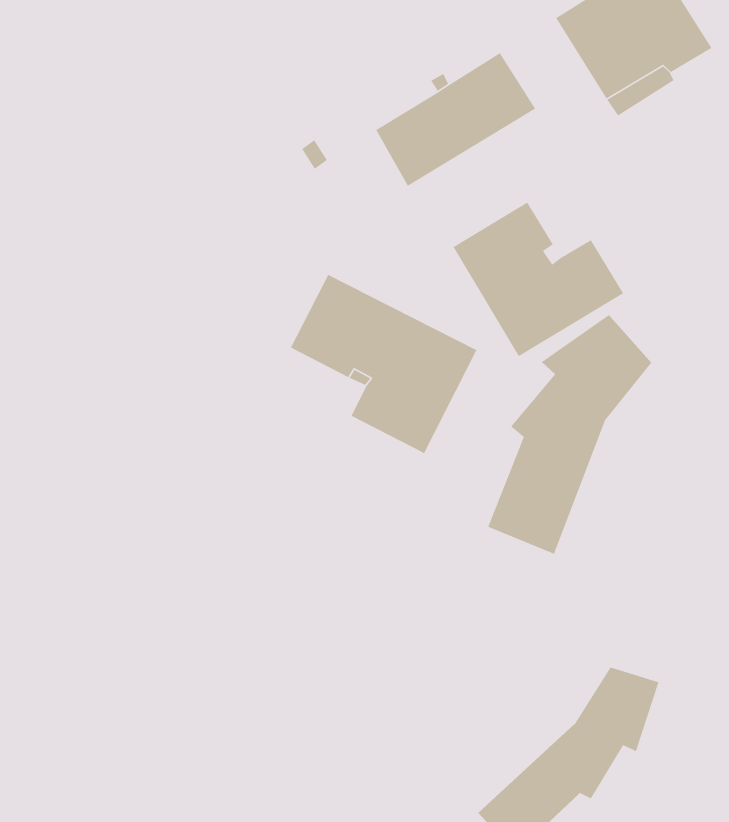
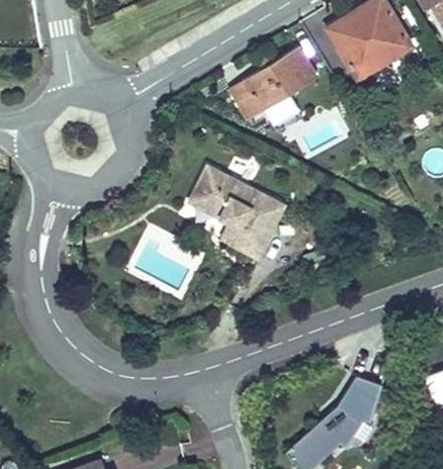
building: [452,201,624,357] -> none
building: [487,314,652,555] -> none

